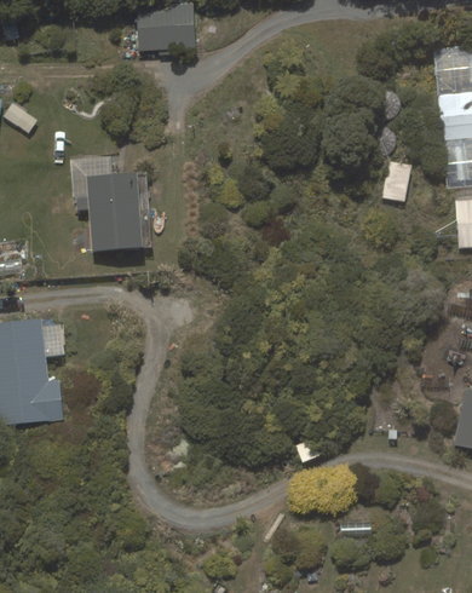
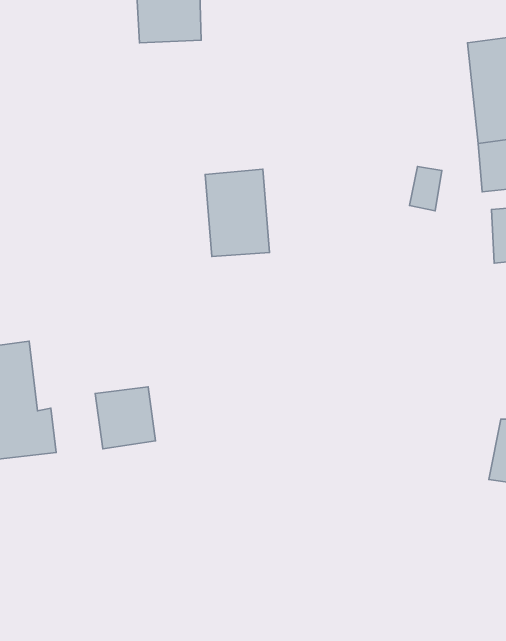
building: [86,172,144,251] -> [205,169,270,256]
building: none -> [95,387,156,449]

